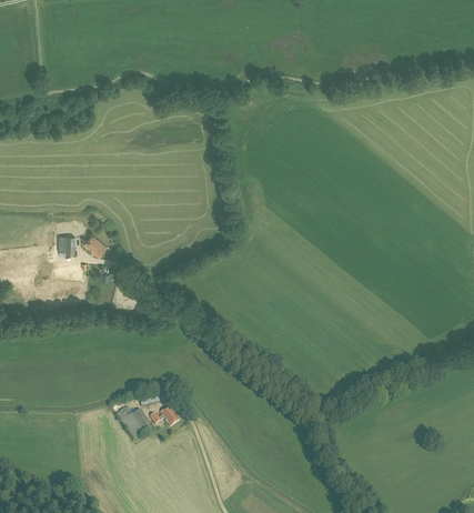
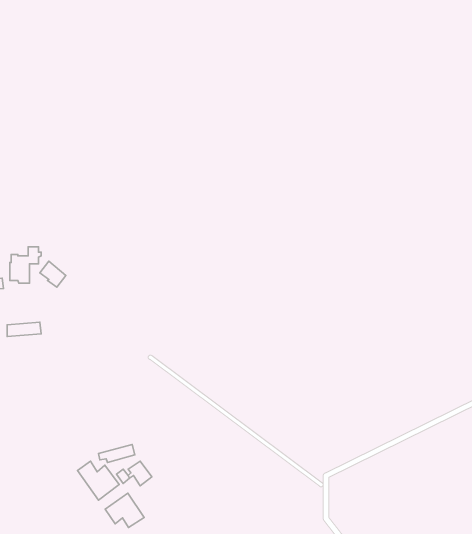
building: none -> [105,493,144,528]

